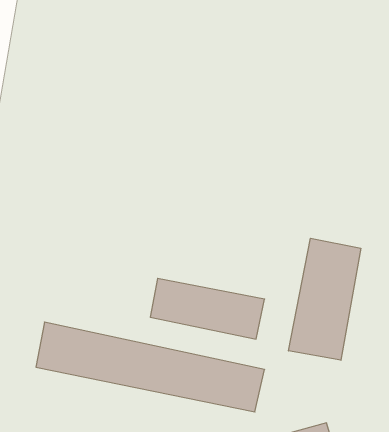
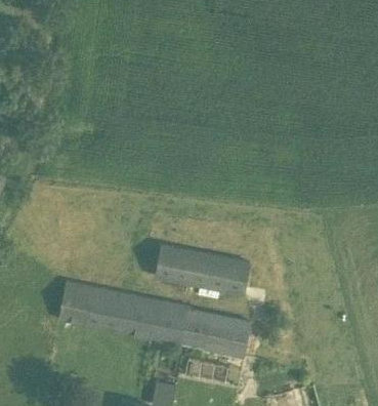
building: [289,238,361,360] -> none

